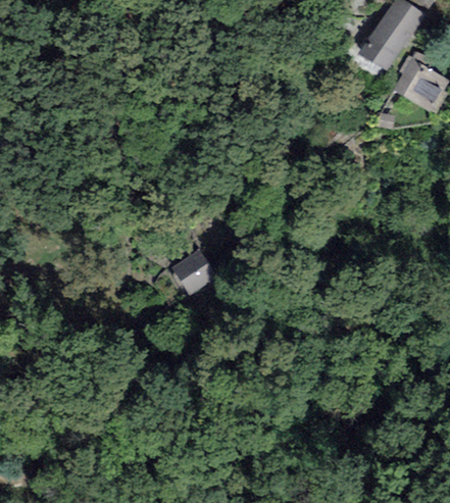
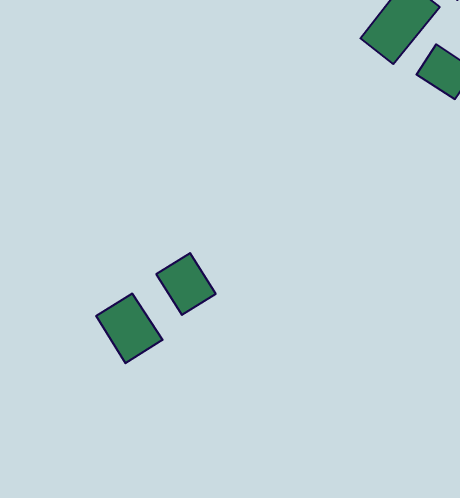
building: none -> [96,293,163,363]

